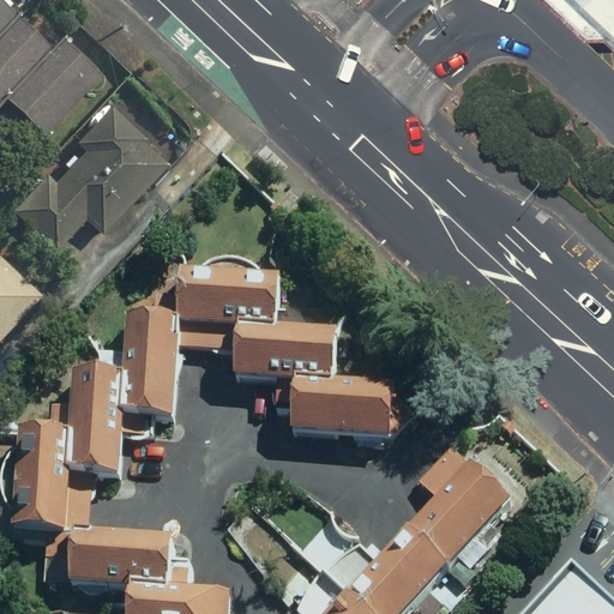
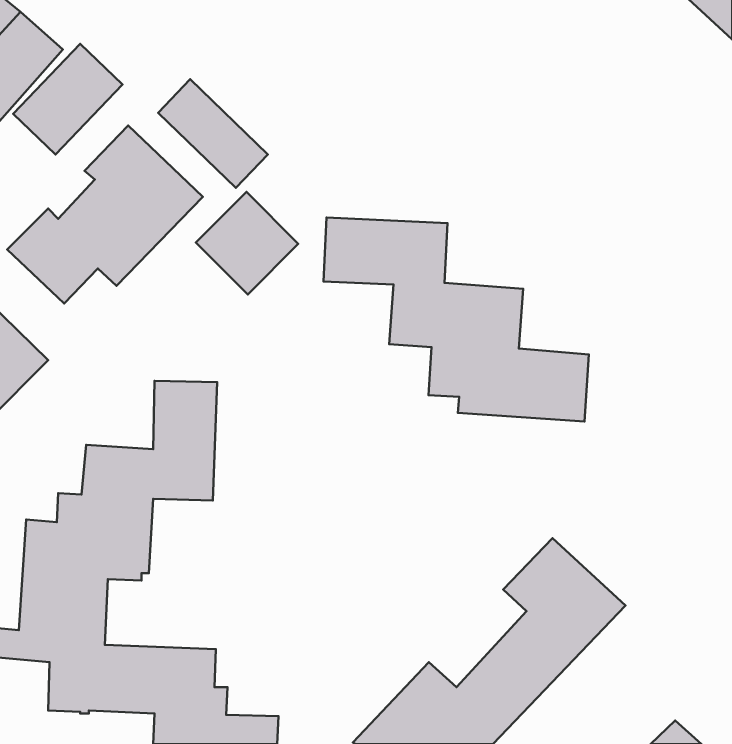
building: none -> [158,79,268,188]
building: none -> [196,192,298,294]
building: [180,270,398,438] -> [324,217,589,422]

